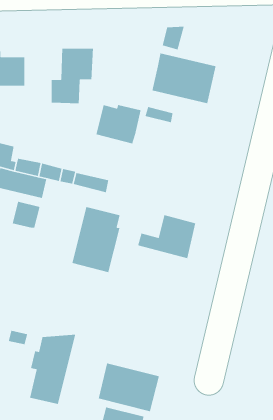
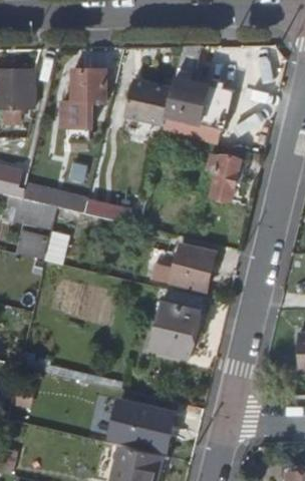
building: [96,104,141,144] -> [124,82,173,124]
building: none -> [210,153,246,202]
building: [72,206,120,273] -> [150,288,202,358]
building: [29,334,76,405] -> none

